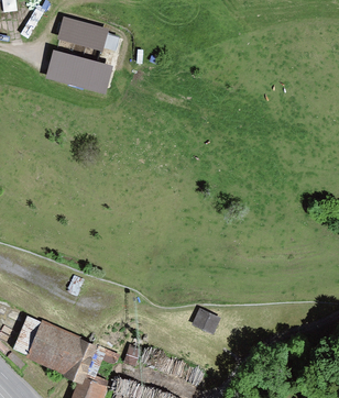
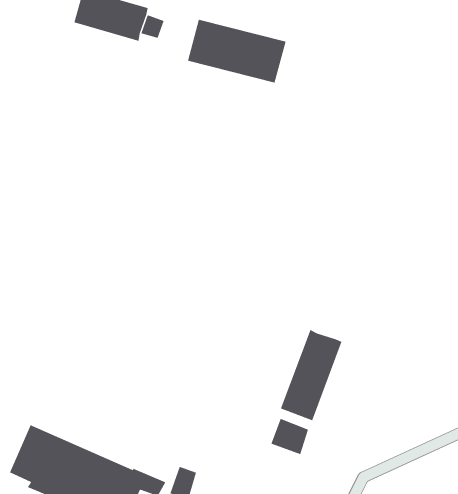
building: [45,49,113,93] -> [187,19,286,83]
building: none -> [280,329,342,421]

